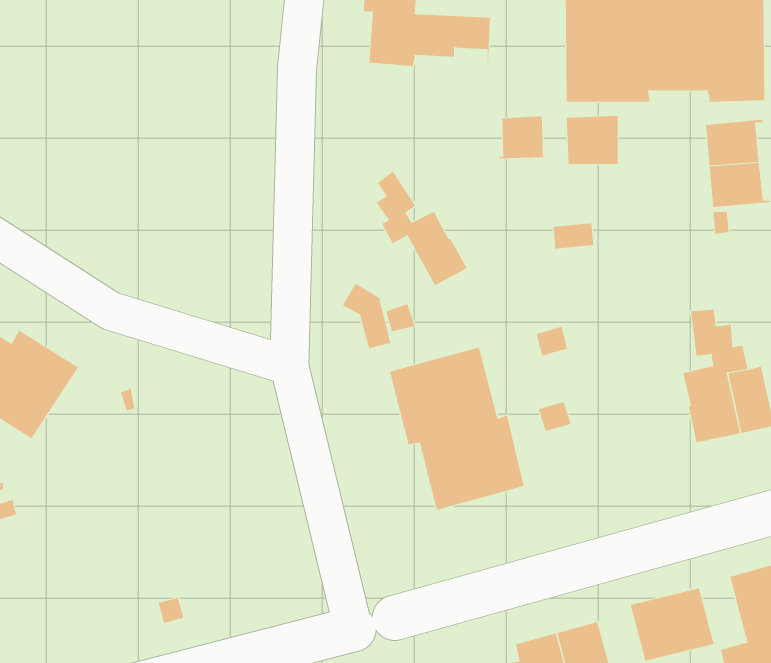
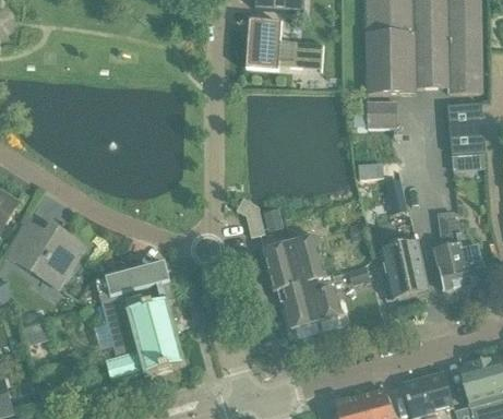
building: [497,116,544,159] -> none
building: [376,171,467,286] -> none
building: none -> [381,236,427,296]
building: none -> [94,262,184,381]

